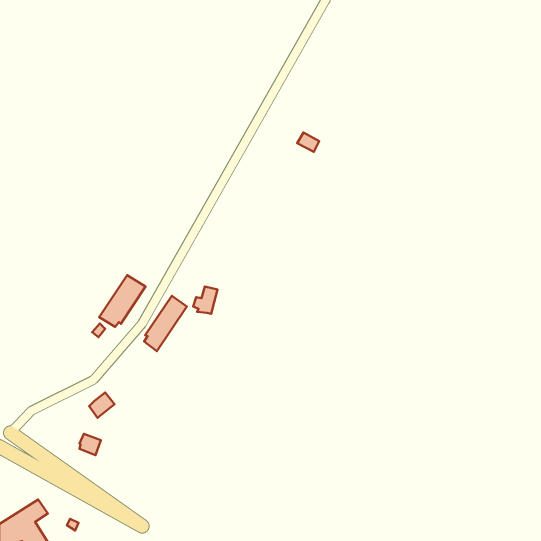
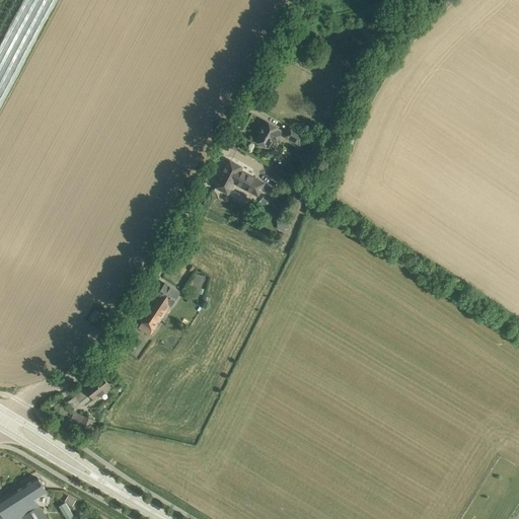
building: none -> [254,123,281,149]
building: none -> [214,161,264,197]
building: [99,275,145,327] -> none

